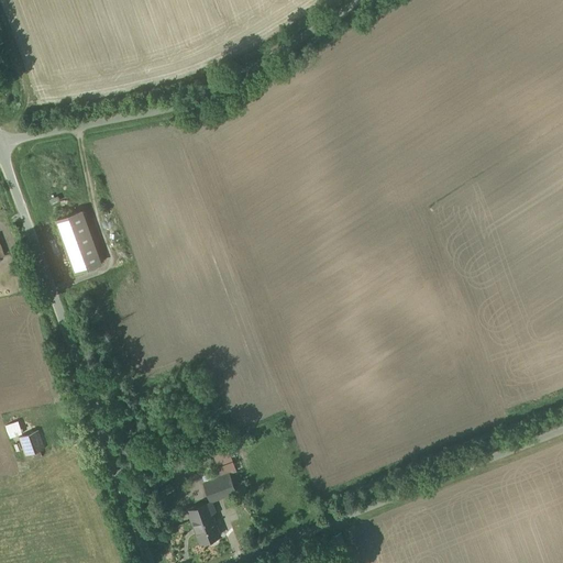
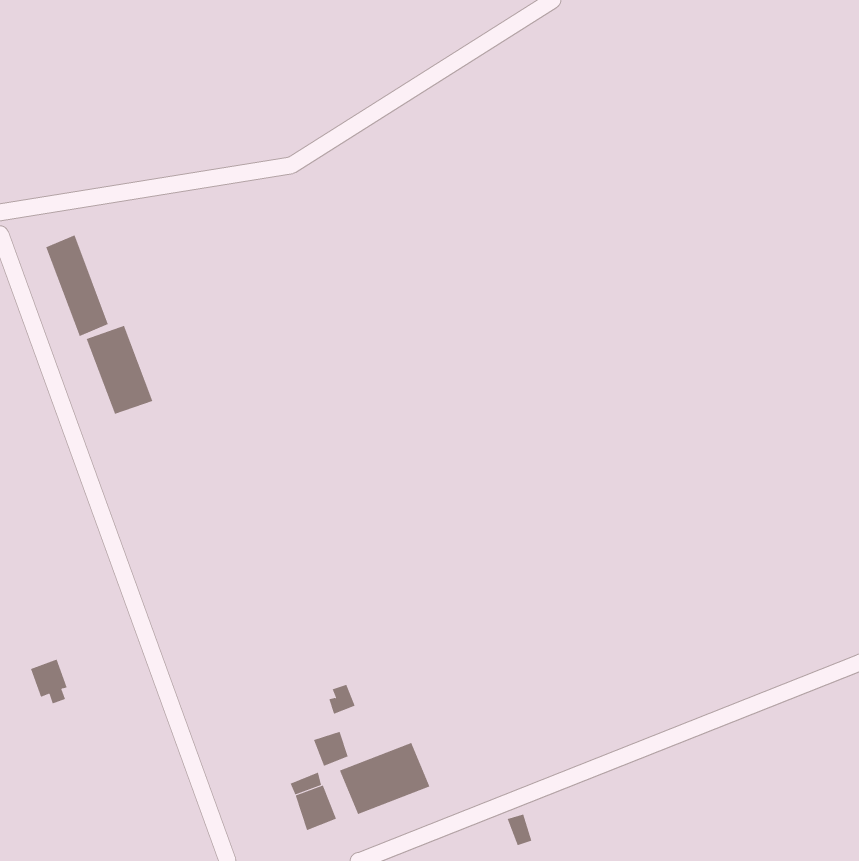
building: none -> [46,235,109,337]
building: none -> [339,742,430,815]

